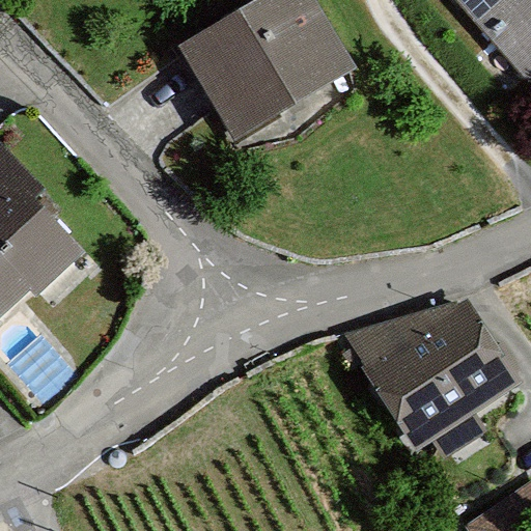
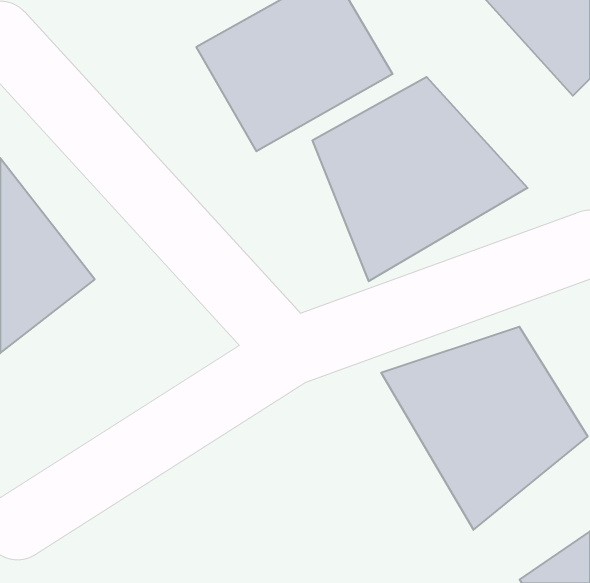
building: none -> [312,77,528,281]

